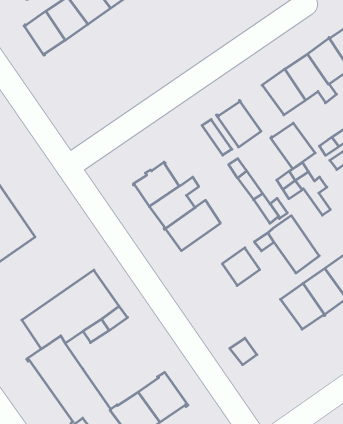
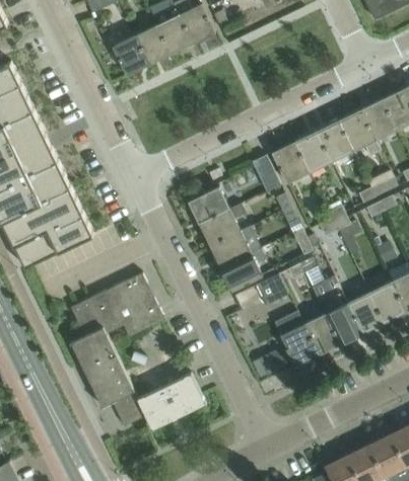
building: [271,123,315,169] -> [293,132,331,172]
building: none -> [221,248,266,290]
building: none -> [275,313,318,366]

